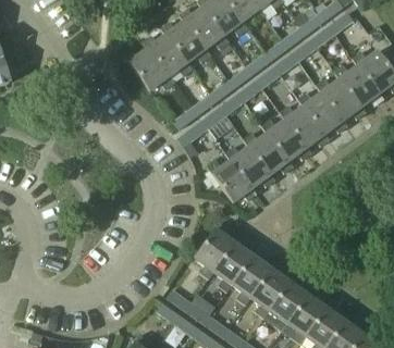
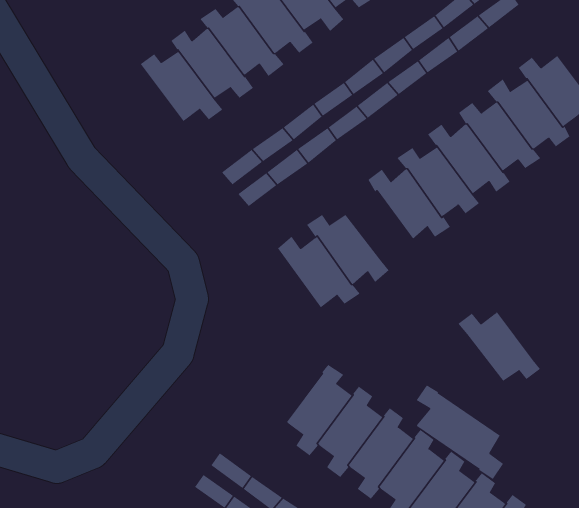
building: [243,132,293,174] -> [458,311,541,382]
building: [194,223,234,278] -> none
building: none -> [416,384,504,480]

